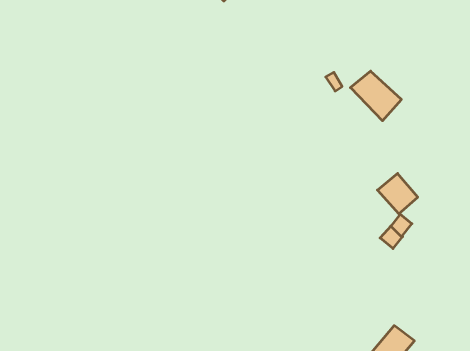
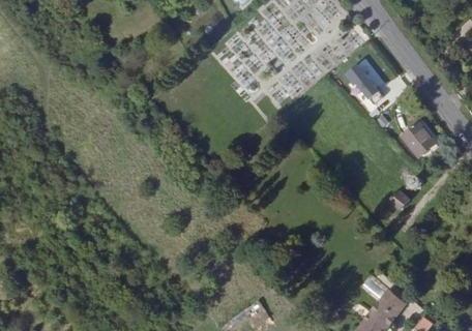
building: [377,173,418,214] -> [403,118,438,153]

